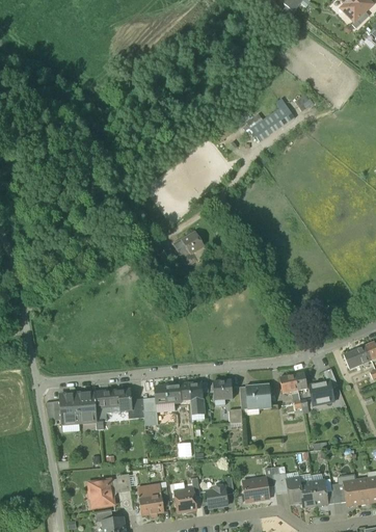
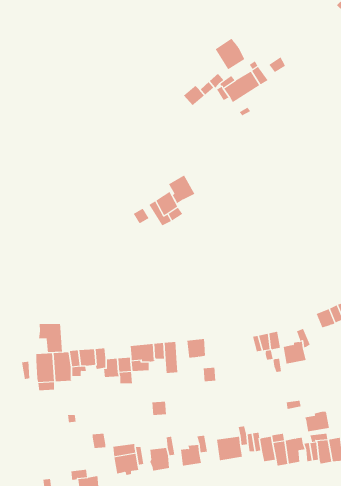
building: none -> [215,37,245,70]
building: none -> [168,174,195,204]
building: none -> [39,323,62,353]
building: [245,383,270,407] -> none
building: none -> [305,411,330,432]
building: [88,479,114,507] -> none

